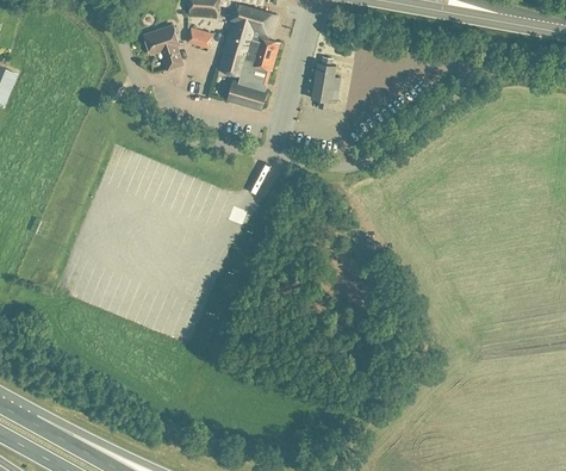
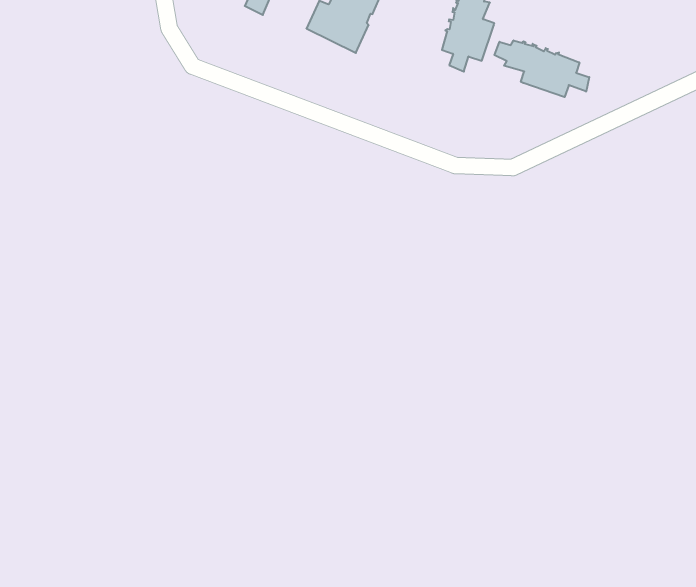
building: none -> [494,40,589,97]

